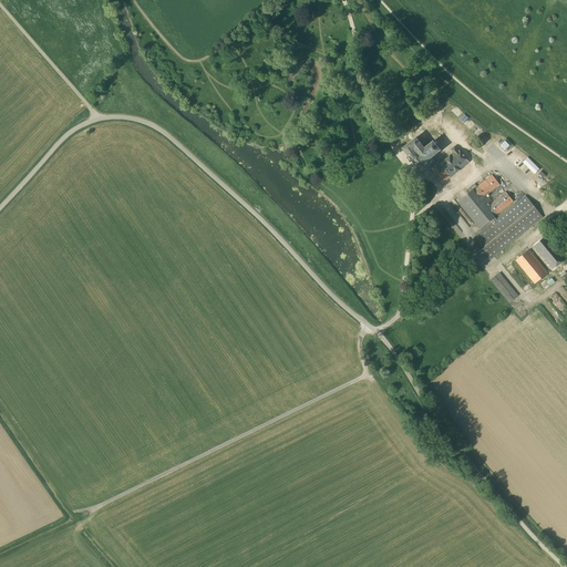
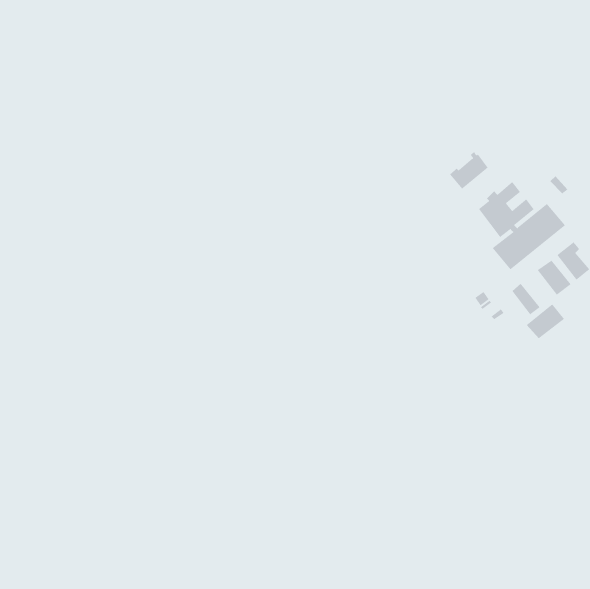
building: [403,137,440,167] -> none
building: none -> [526,304,565,339]

